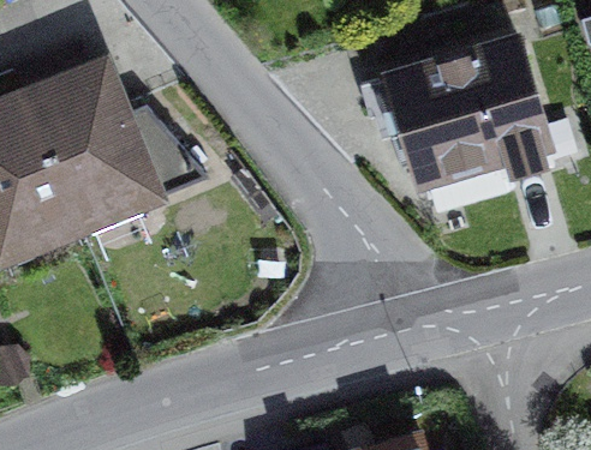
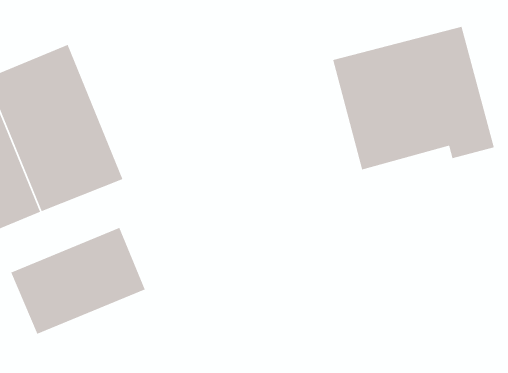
building: none -> [10,227,146,335]

